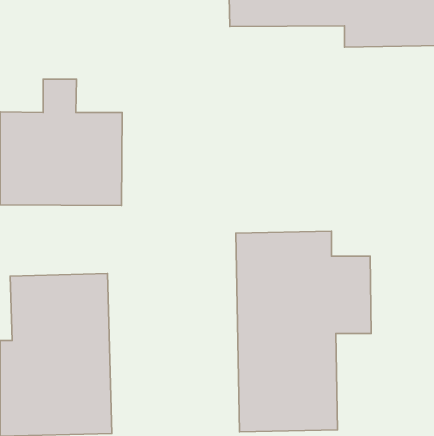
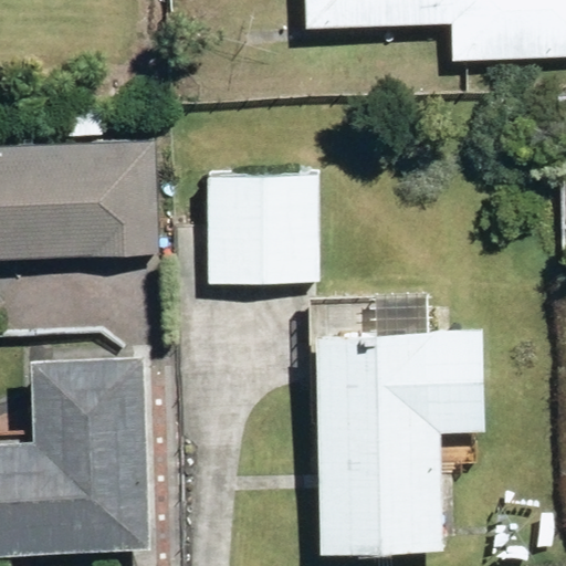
building: none -> [200,168,328,281]

